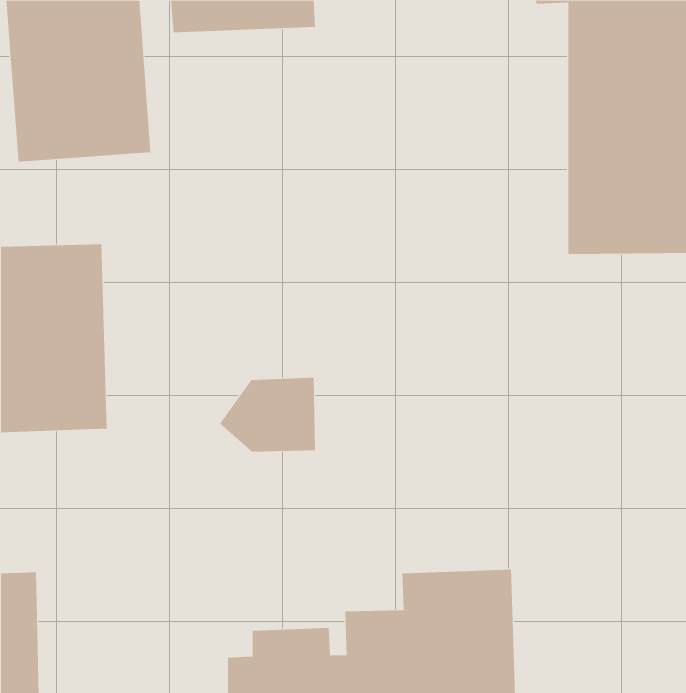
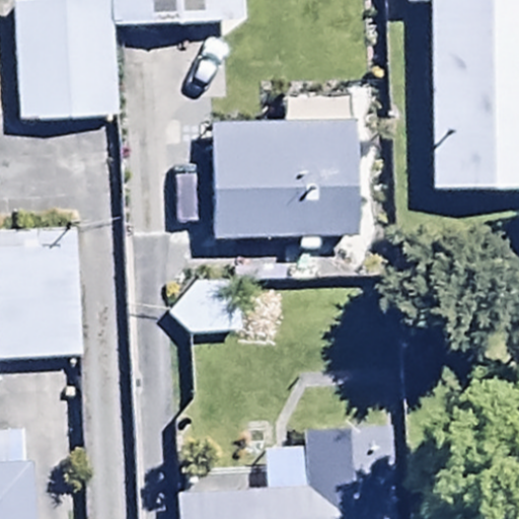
building: none -> [211,86,364,204]

